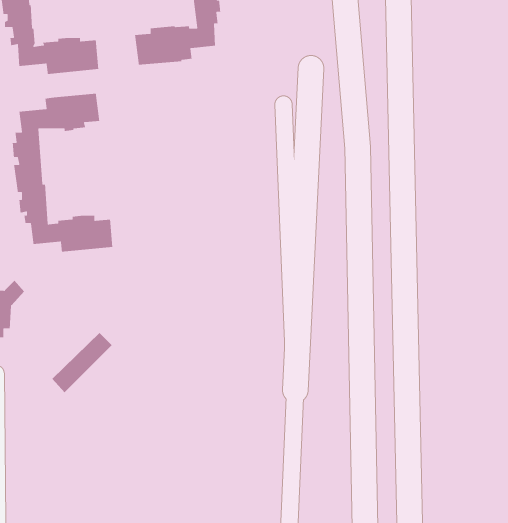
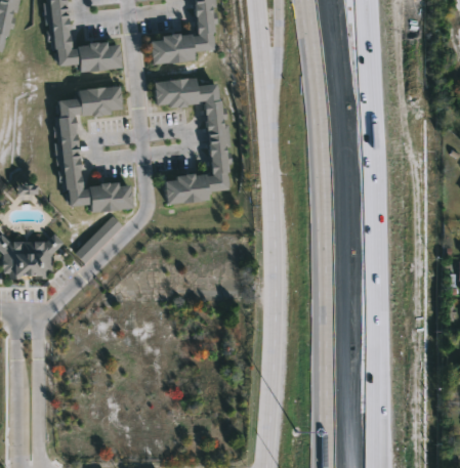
building: none -> [154,78,234,204]
building: [51,332,113,393] -> [75,215,123,263]

